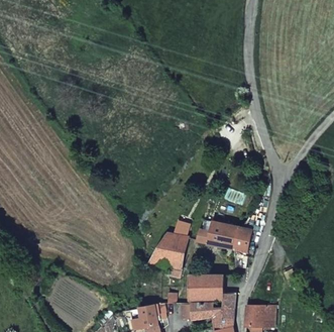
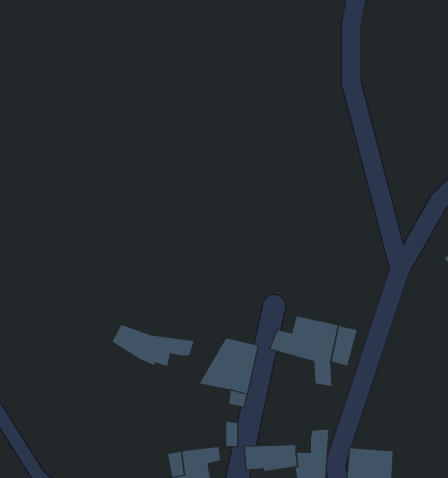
building: none -> [112,324,194,367]
building: [188,271,222,299] -> none

